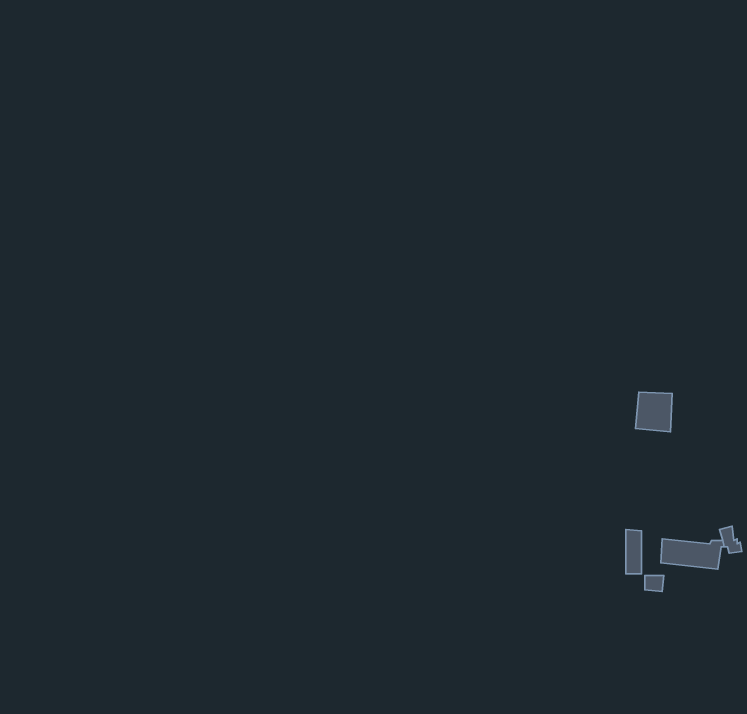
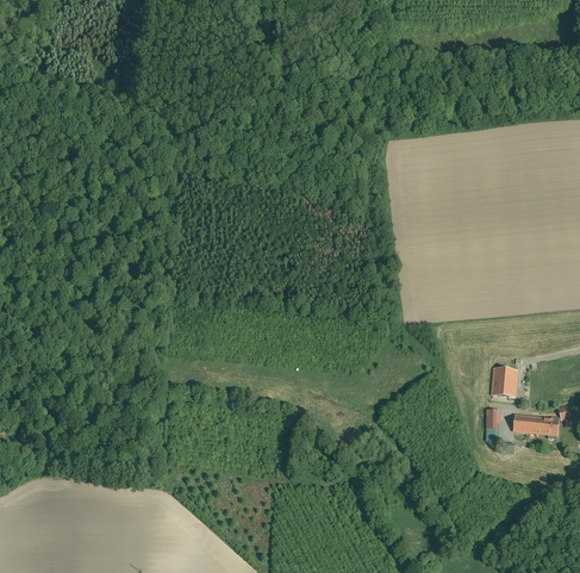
building: [636,392,672,432] -> [491,366,518,396]

